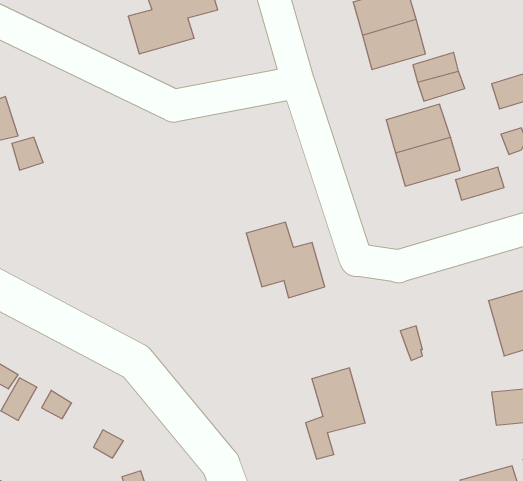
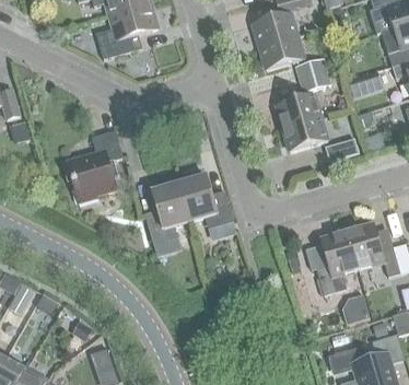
building: none -> [66,130,122,202]
building: none -> [143,184,189,244]
building: [306,368,365,459] -> [316,231,358,294]

